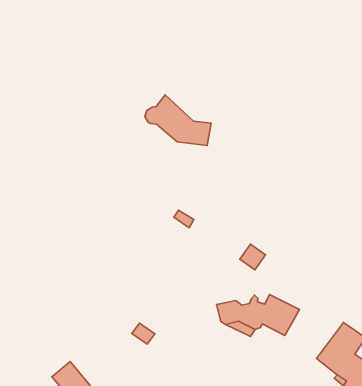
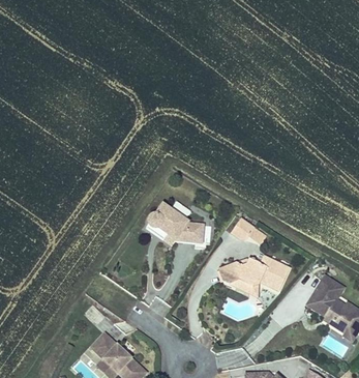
building: [145,95,211,145] -> [146,204,201,241]

